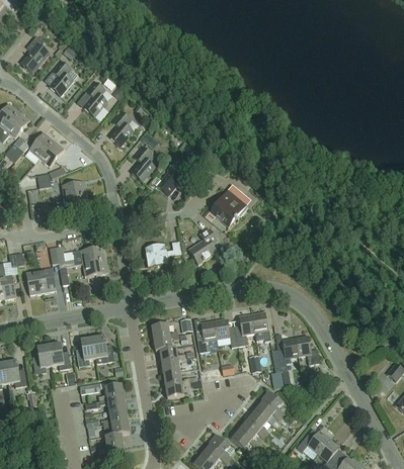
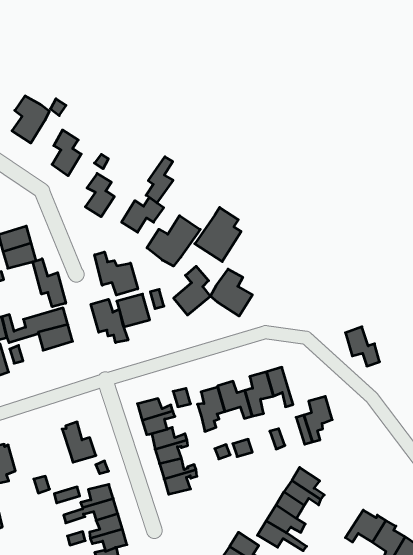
building: none -> [146,157,173,203]
building: none -> [147,216,200,266]
building: none -> [33,259,66,307]
building: none -> [95,252,138,295]
building: none -> [211,269,252,316]
building: none -> [91,299,128,343]
building: [295,335,318,365] -> [345,327,380,366]
building: [76,336,95,367] -> none
building: [49,341,70,370] -> none

